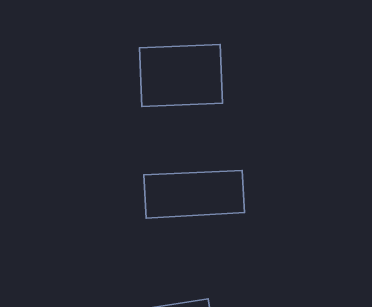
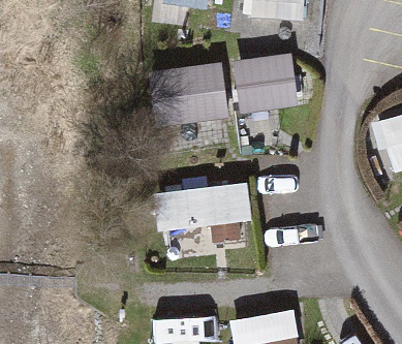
building: none -> [233,53,301,125]

